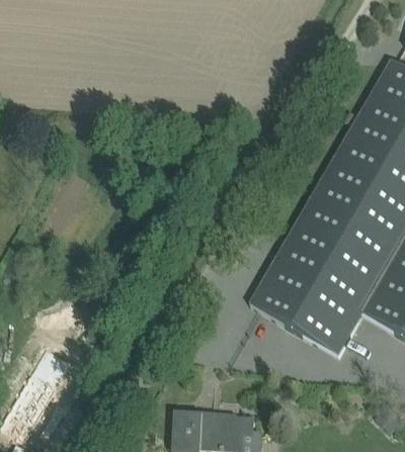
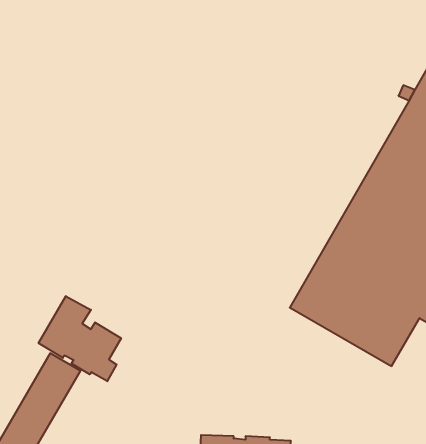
building: none -> [39,296,121,381]

